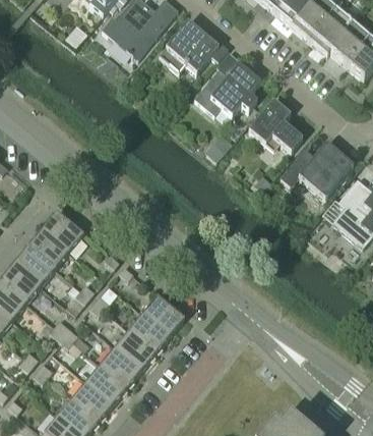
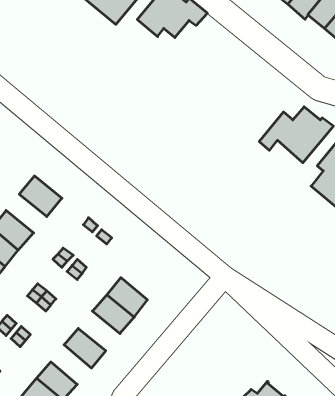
building: [194,63,260,115] -> none
building: [248,100,302,152] -> none
building: [27,229,68,268] -> none
building: [142,295,184,335] -> none
building: [100,346,141,386] -> none
building: [72,380,113,420] -> none

